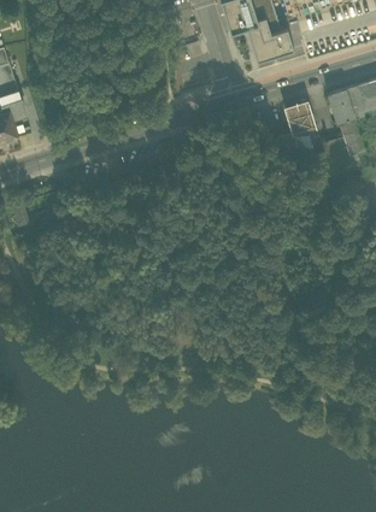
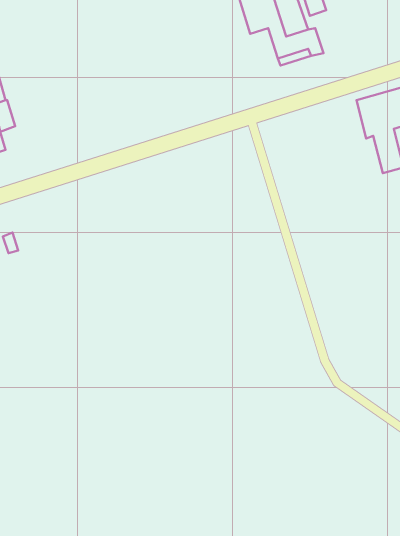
building: [280,99,313,134] -> none

